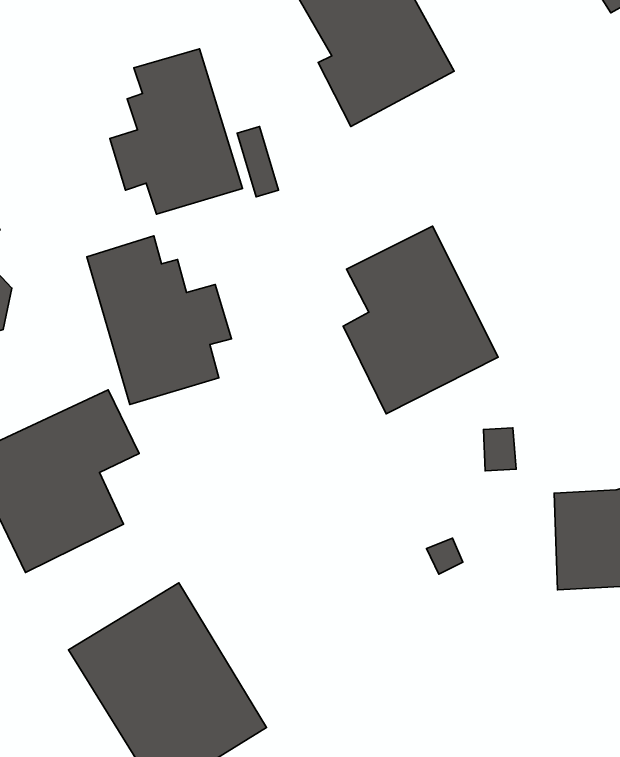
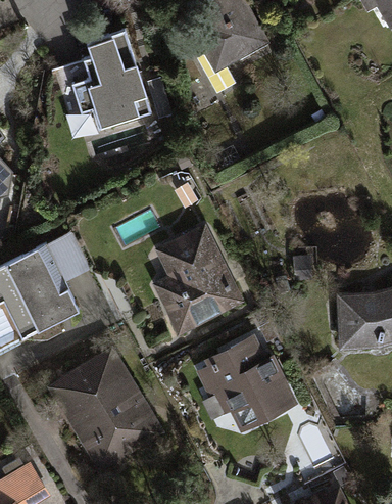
building: [343,226,498,414] -> [152,225,244,336]
building: [87,236,231,404] -> none
building: none -> [195,335,298,433]

